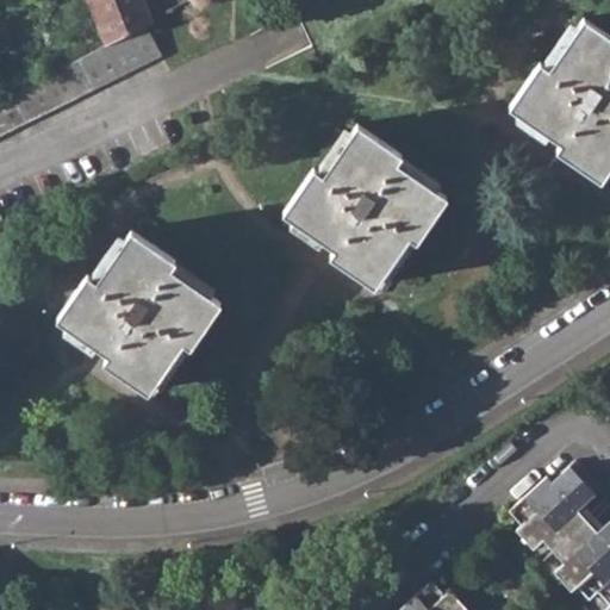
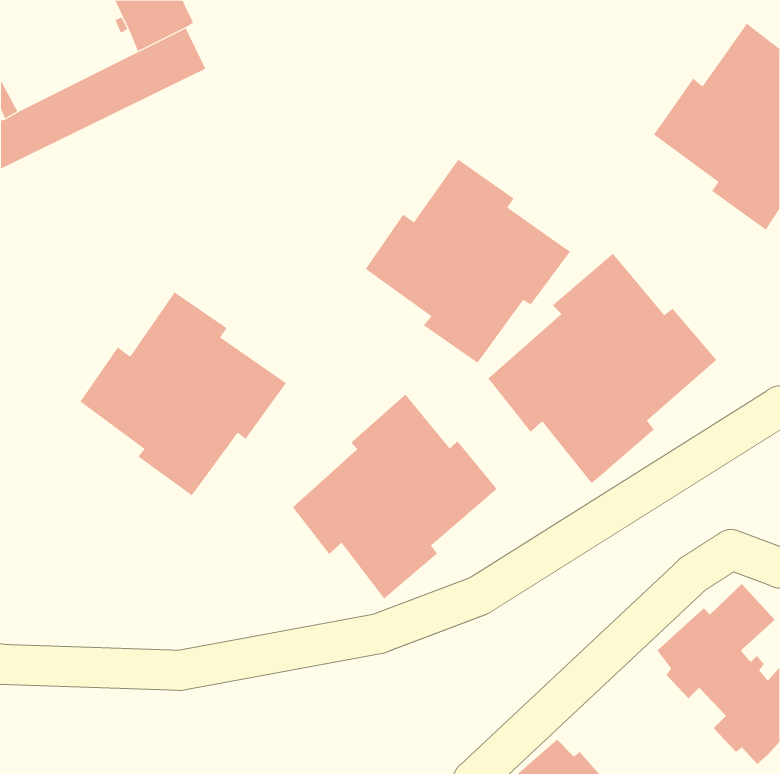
building: none -> [488,253,717,484]
building: none -> [292,394,497,599]

